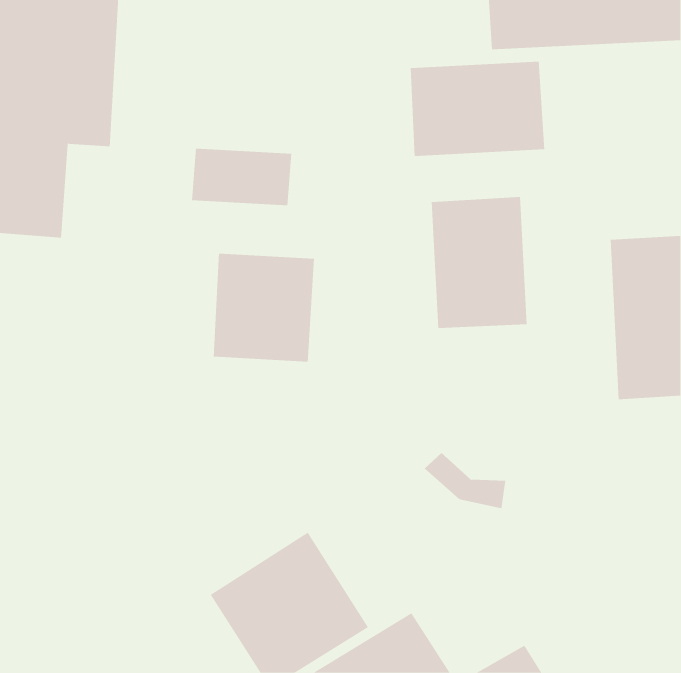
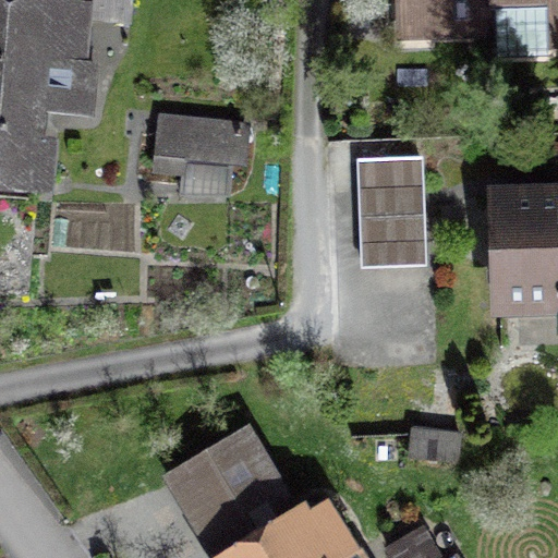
building: [410,61,545,157] -> none
building: [213,253,315,363] -> none

